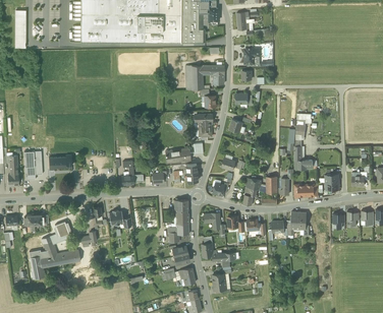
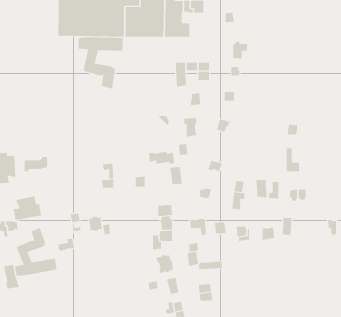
building: none -> [78,36,123,89]
building: none -> [13,195,41,221]

